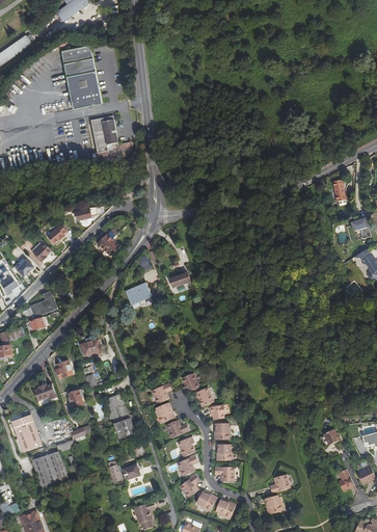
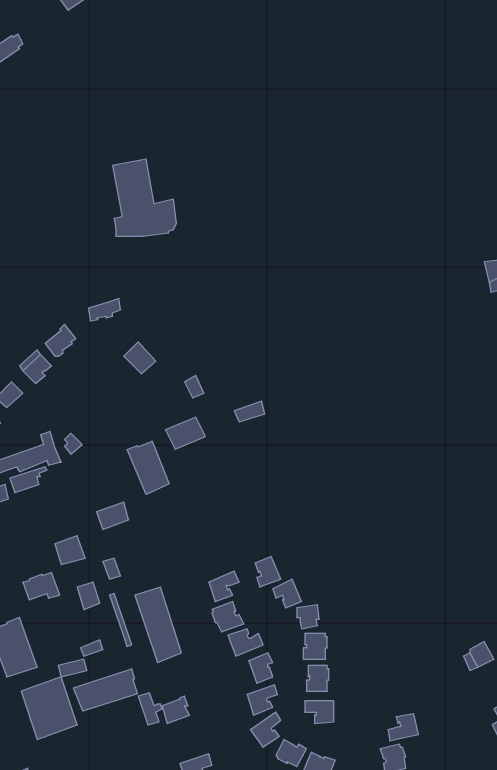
building: [61,45,101,108] -> none
building: none -> [127,441,169,494]
building: none -> [74,669,137,711]

